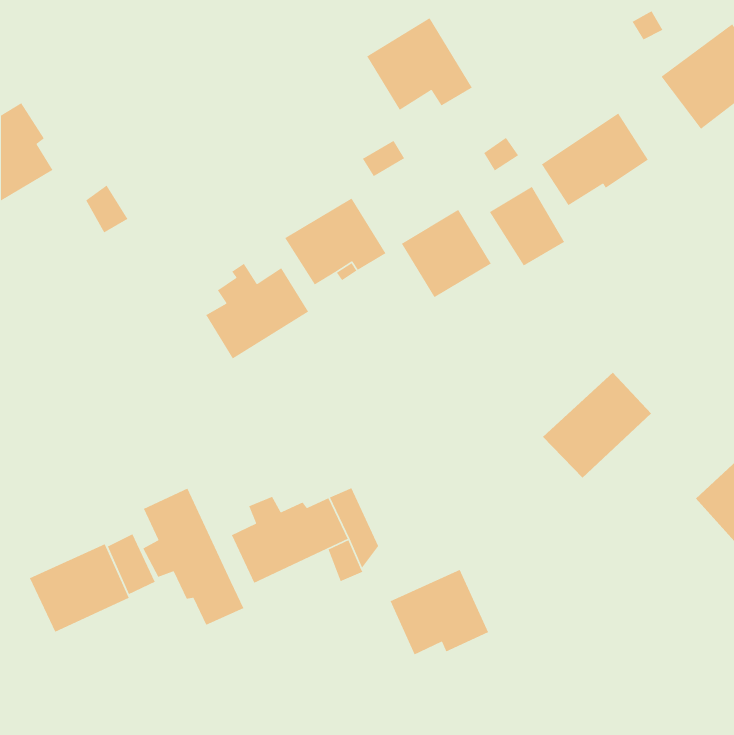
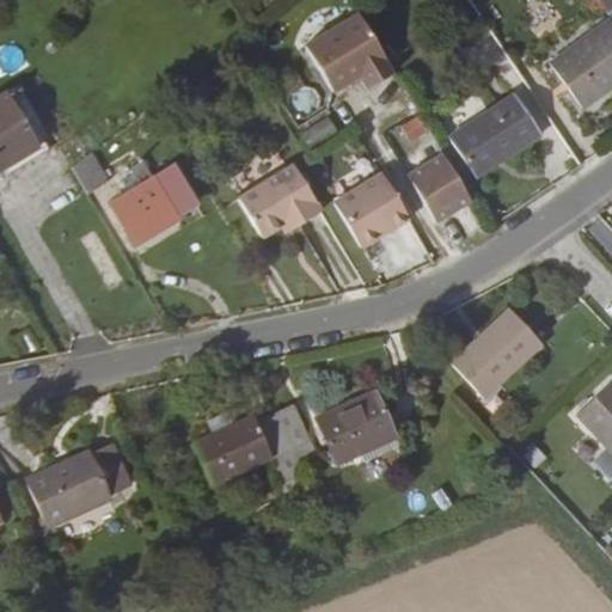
building: [205,263,309,360] -> [111,160,197,240]
building: [142,488,245,626] -> none
building: [390,569,489,655] -> [318,391,400,463]

